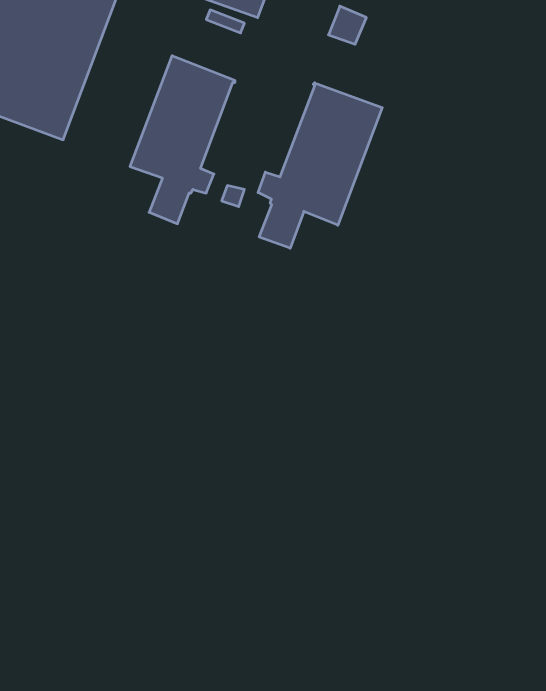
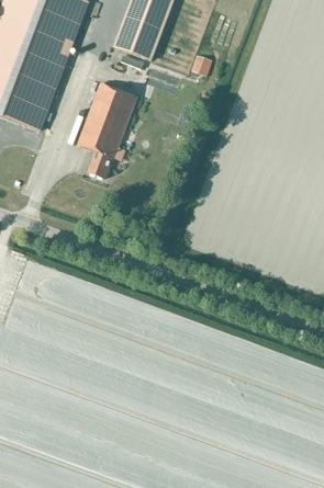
building: [258,83,382,248] -> none

